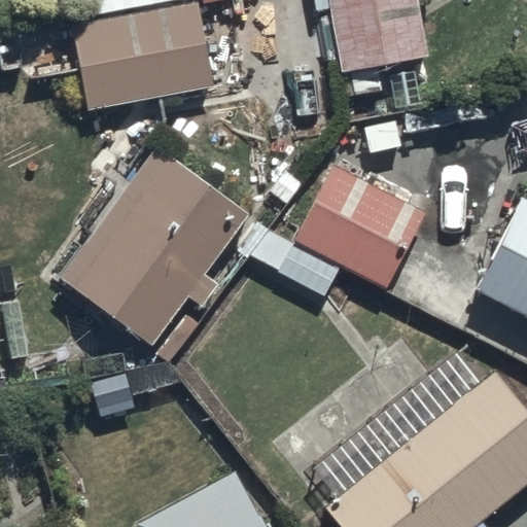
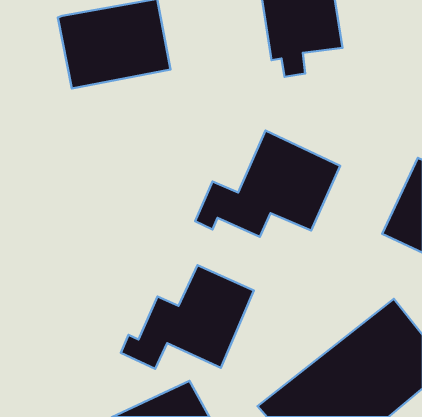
building: [58,146,248,349] -> none
building: none -> [121,265,254,369]

